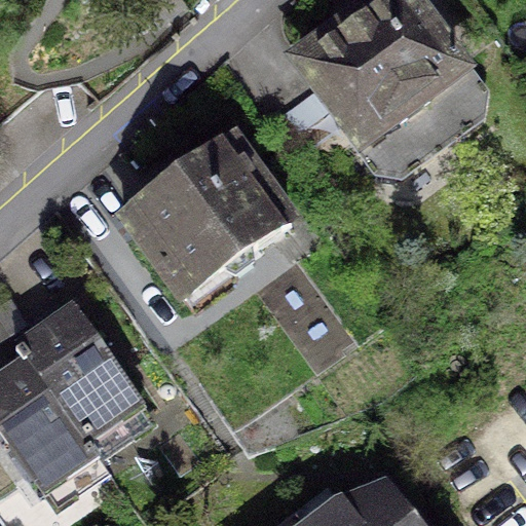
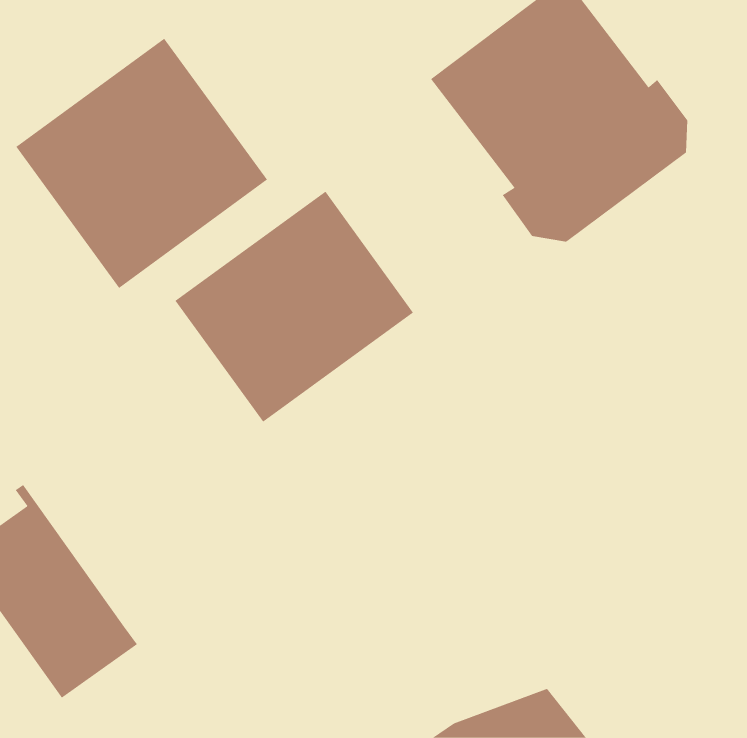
building: none -> [15,38,268,289]
building: [16,301,141,439] -> none

